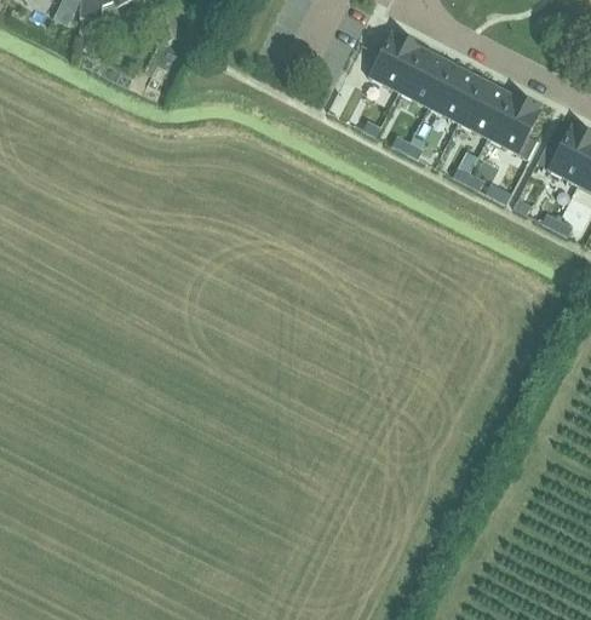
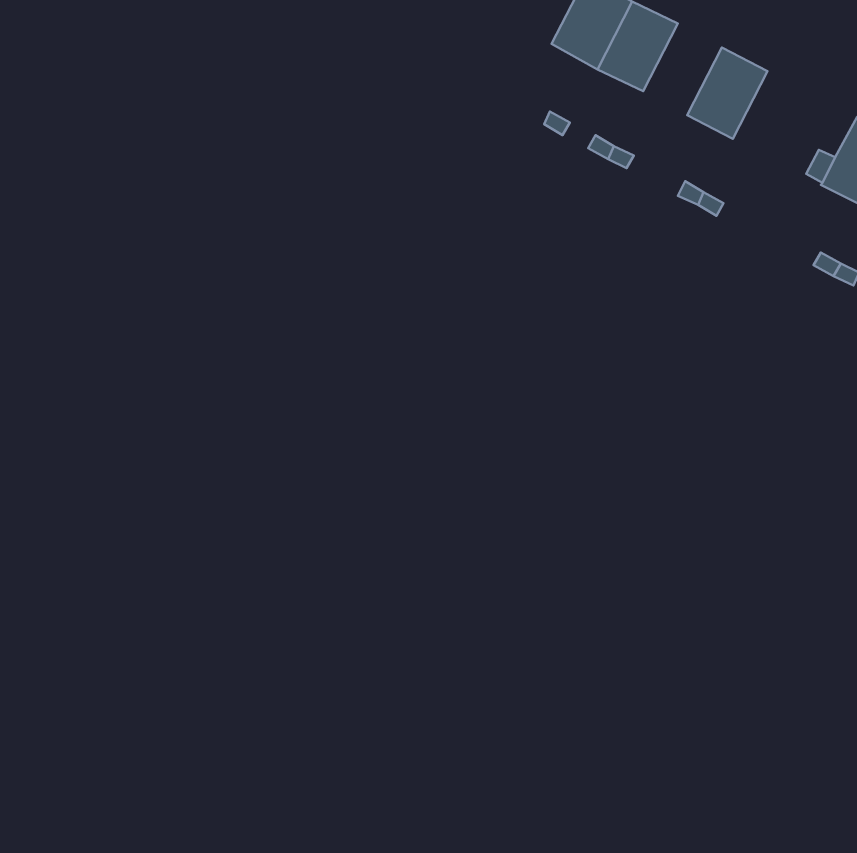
building: [430,62,482,122] -> none
building: [489,93,543,154] -> none

